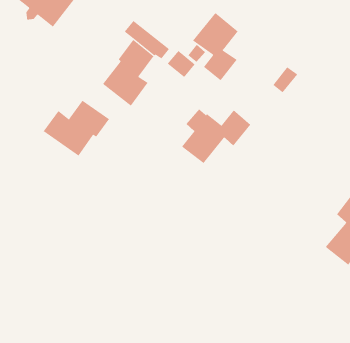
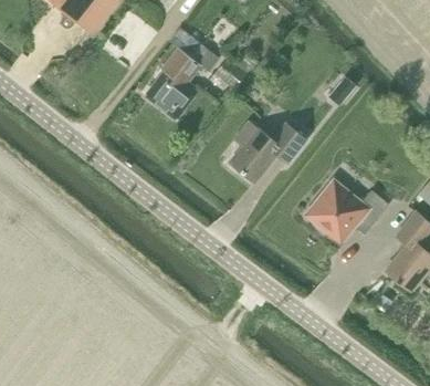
building: [192,12,239,81] -> none
building: [43,100,110,157] -> none
building: none -> [305,178,388,241]

